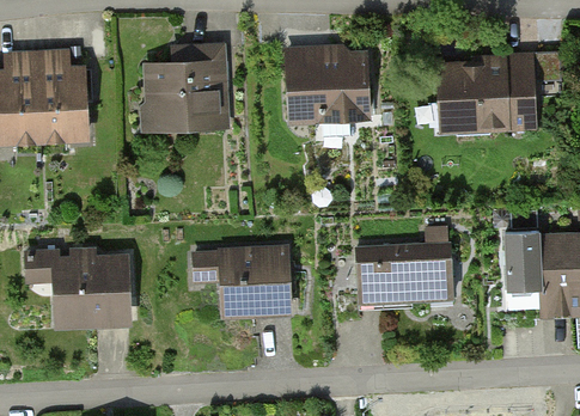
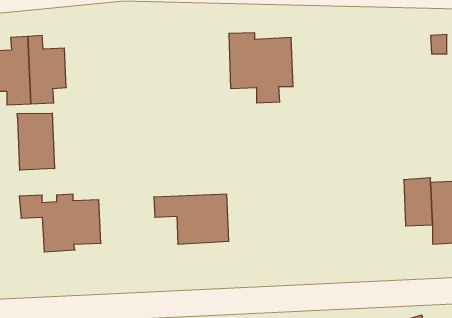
building: [149,48,225,121] -> none
building: [441,54,535,134] -> none
building: none -> [17,113,55,170]
building: [356,228,453,301] -> none

